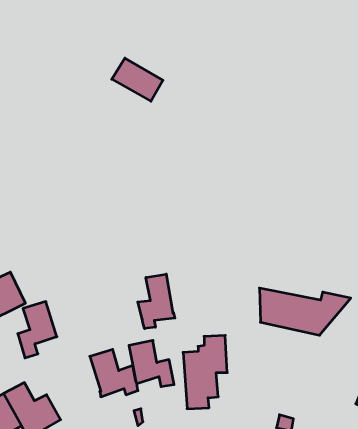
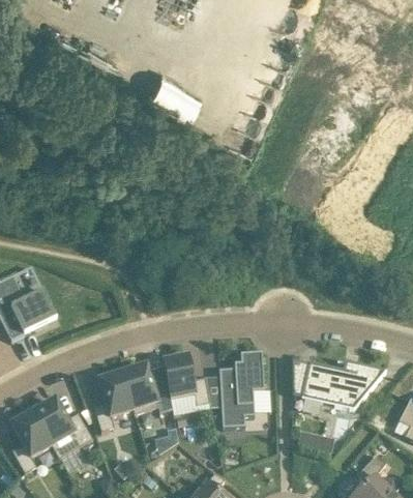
building: [138,274,175,329] -> none
building: [259,288,351,335] -> [291,357,385,406]
building: [18,302,57,358] -> [93,372,134,430]

